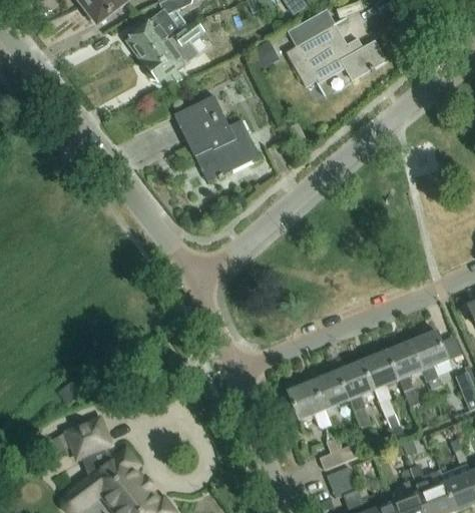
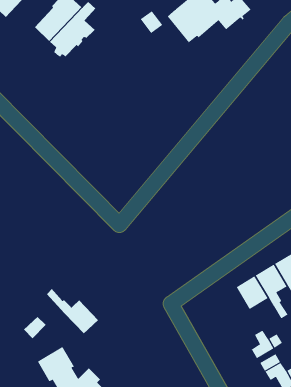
building: [177,94,260,181] -> none
building: none -> [46,288,99,334]
building: [289,381,331,428] -> none

